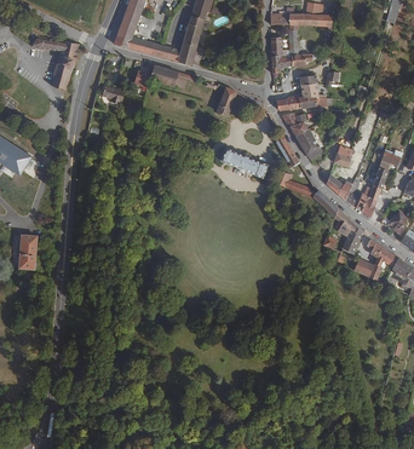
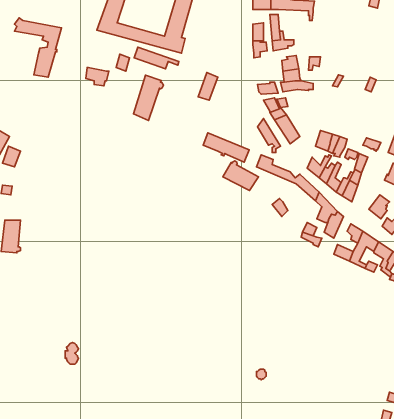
building: none -> [134,75,163,121]
building: none -> [223,161,259,191]

